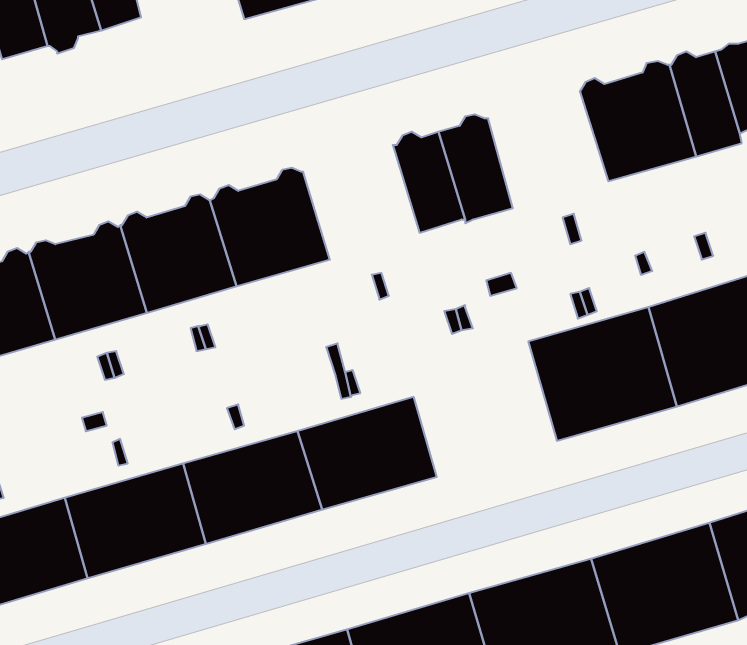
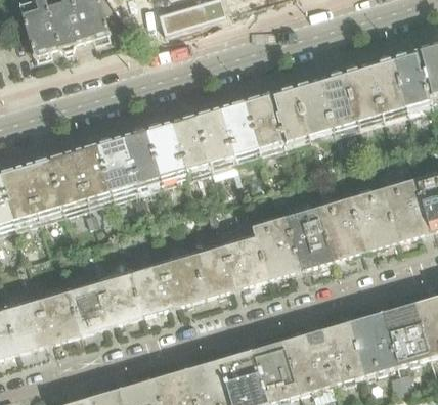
building: none -> [296,71,360,135]
building: none -> [196,99,259,163]
building: none -> [253,207,333,279]

